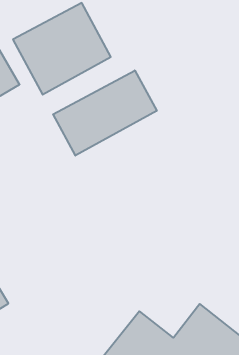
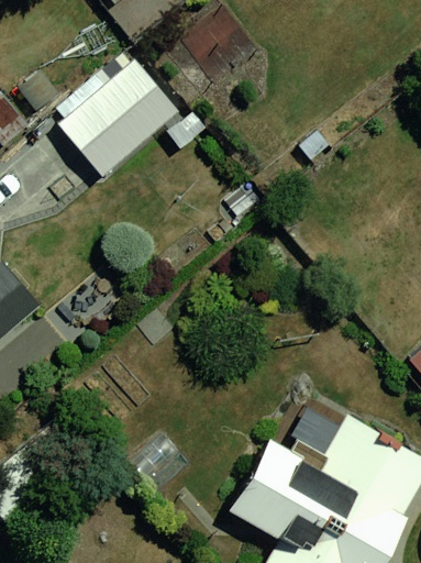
building: [53,70,157,156] -> none

